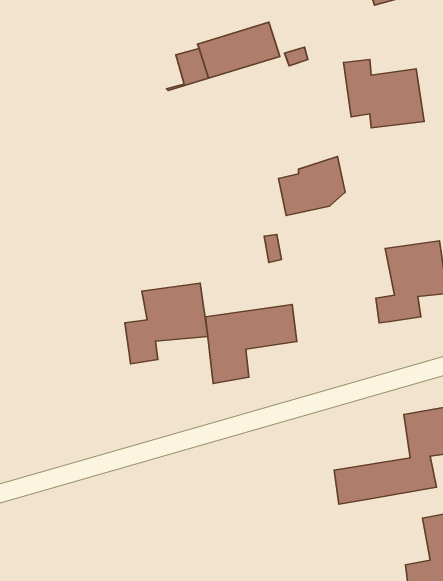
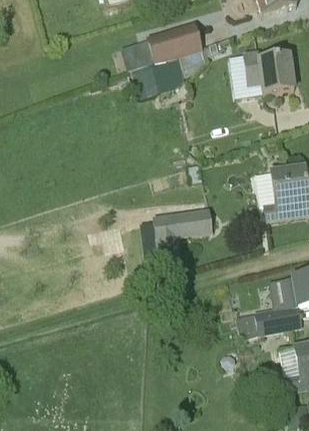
building: [278,157,345,216] -> [141,55,185,93]
building: [125,283,208,364] -> none

